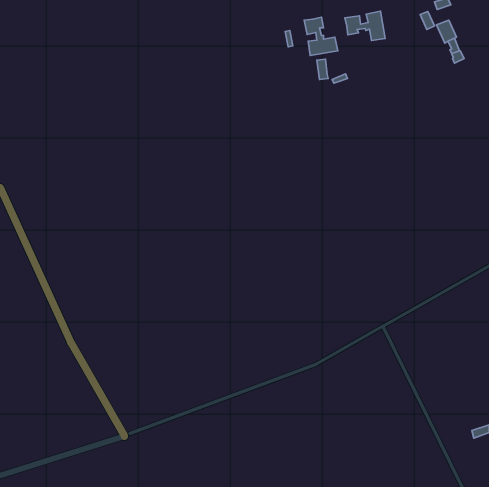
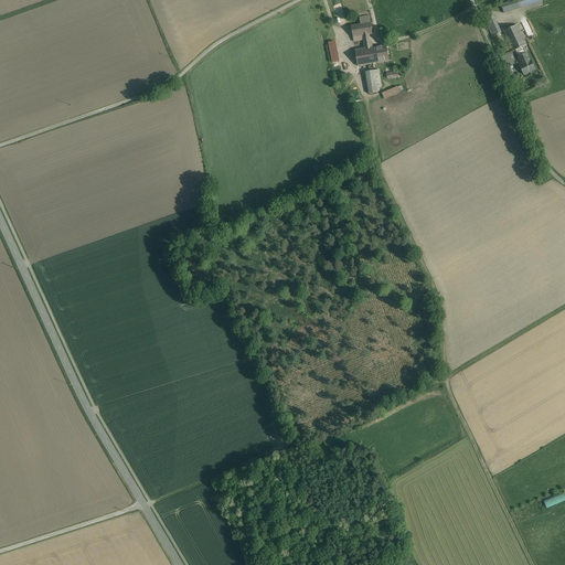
building: [345,11,385,40] -> none

